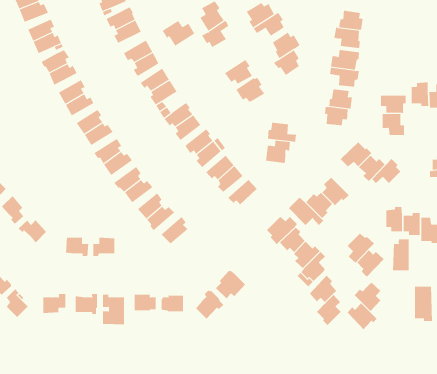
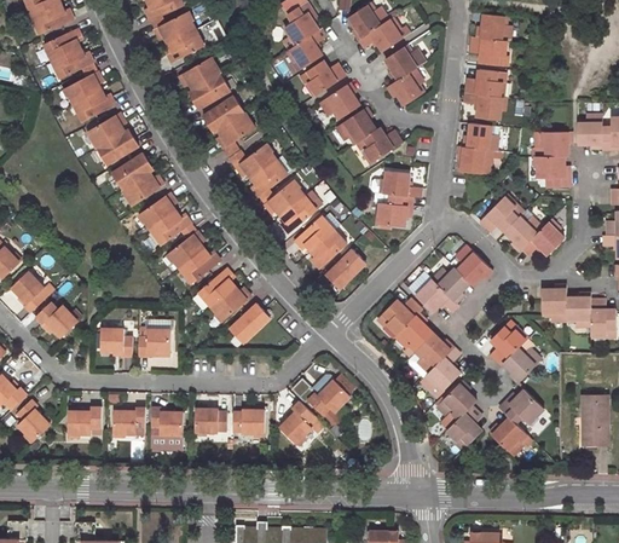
building: [162,20,195,47] -> [299,59,345,96]
building: none -> [355,128,400,162]
building: [393,239,409,271] -> none

